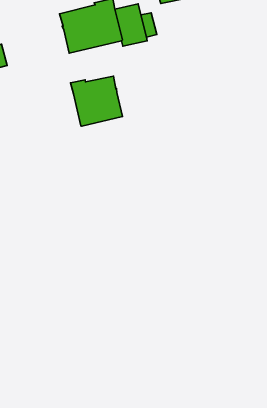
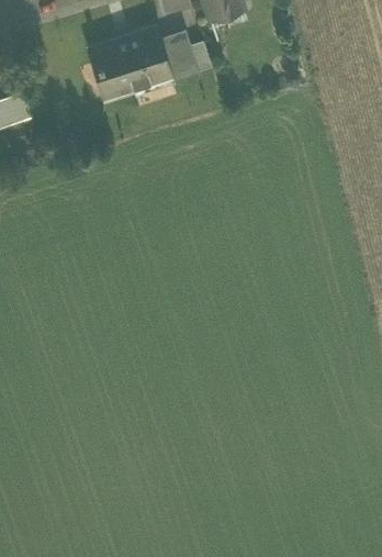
building: [70,76,123,126] -> none

